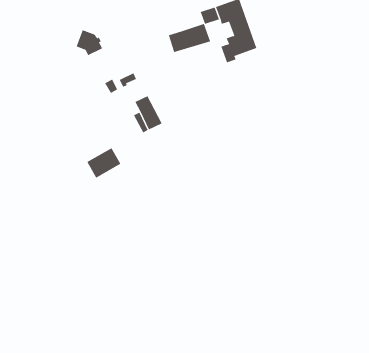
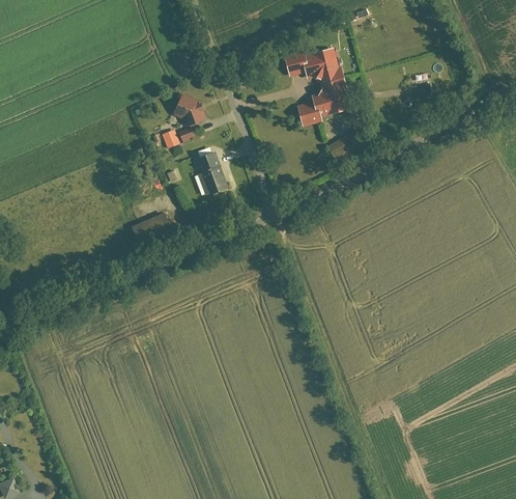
building: [168,23,211,53] -> none
building: [76,30,103,56] -> [173,92,205,124]

